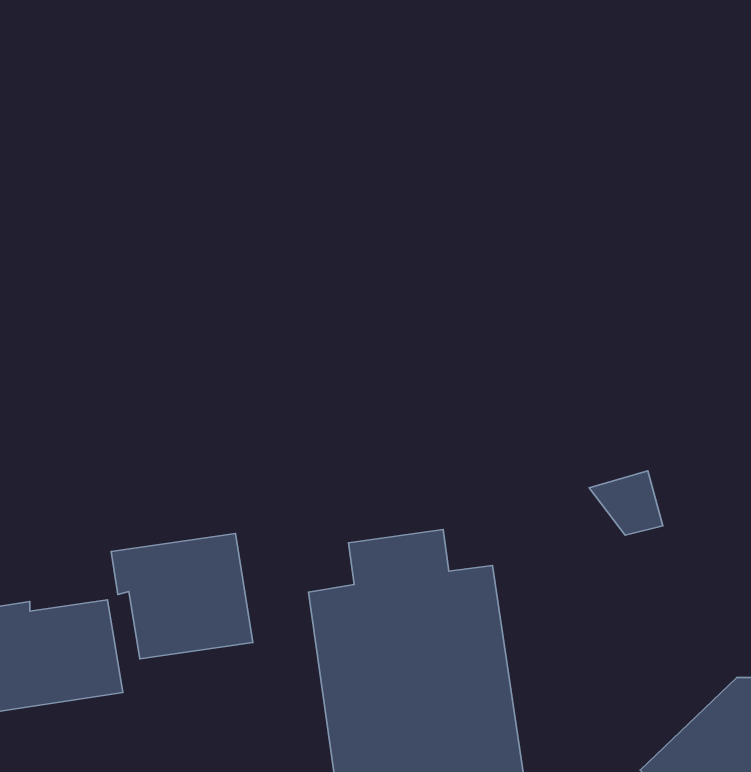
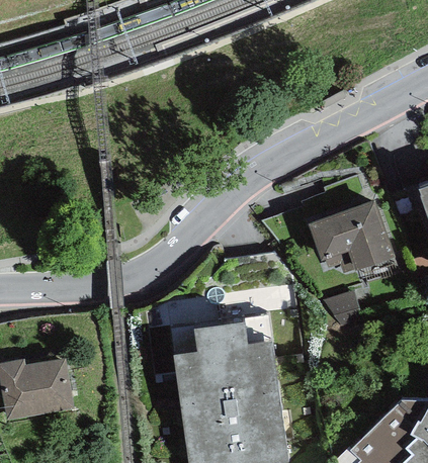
building: none -> [308,200,394,273]
building: [111,533,253,659] -> none

